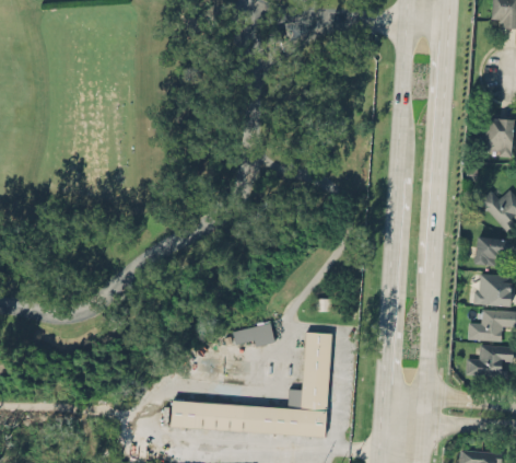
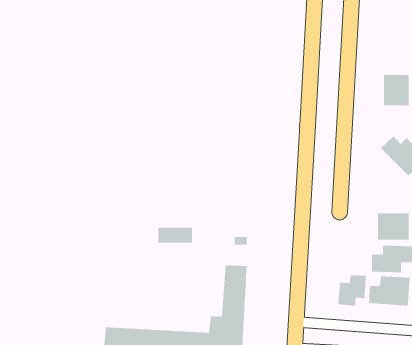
building: [474,238,507,266] -> none
building: [235,327,274,345] -> [157,227,193,243]
building: none -> [338,274,367,306]

